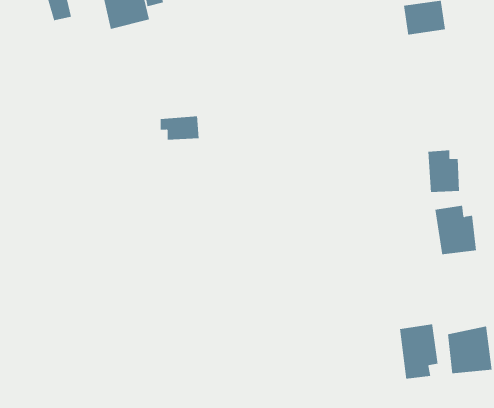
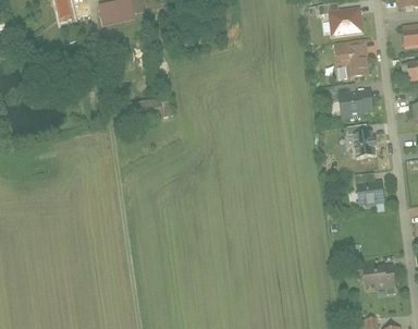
building: none -> [334,37,369,75]
building: none -> [337,81,374,114]
building: [400,324,438,380] -> none

